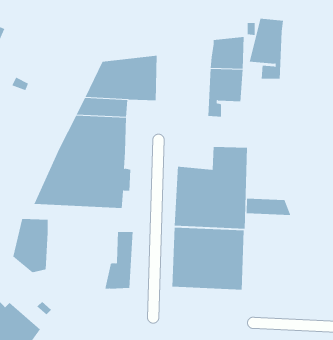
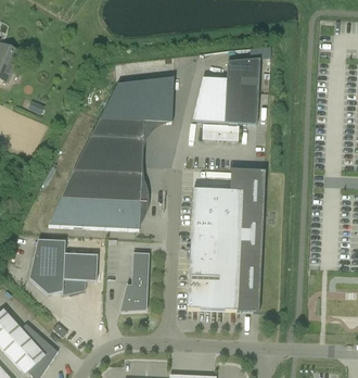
building: [249,18,284,79] -> [192,76,227,137]
building: [246,198,291,216] -> none
building: none -> [63,253,98,294]

